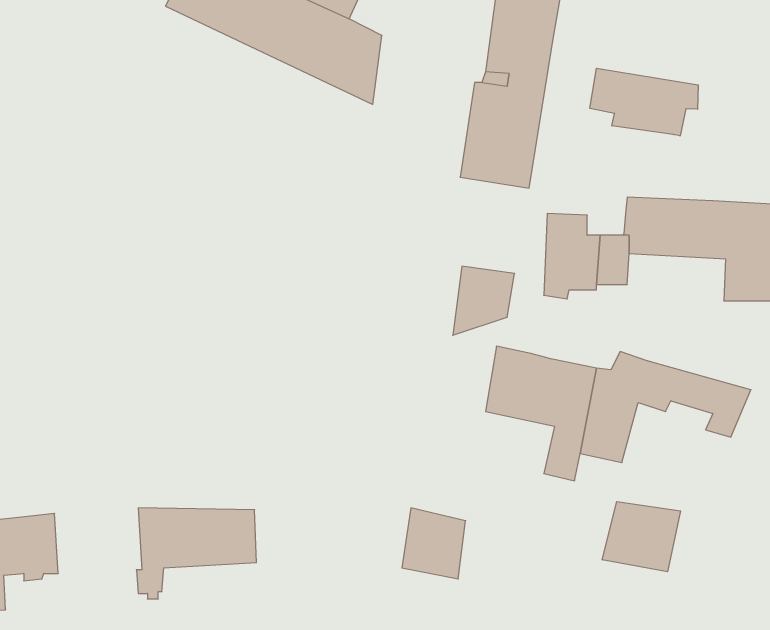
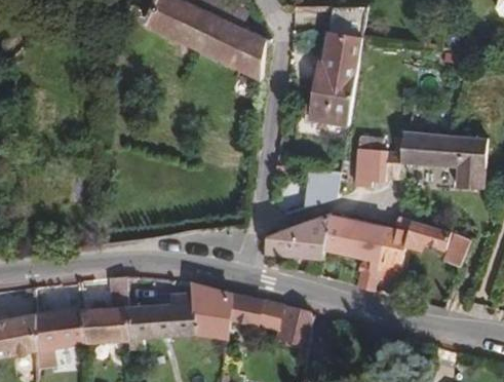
building: [590,68,698,136] -> none
building: none -> [266,215,328,260]
building: none -> [79,275,128,343]
building: none -> [190,282,256,337]
building: [602,502,681,572] -> none

